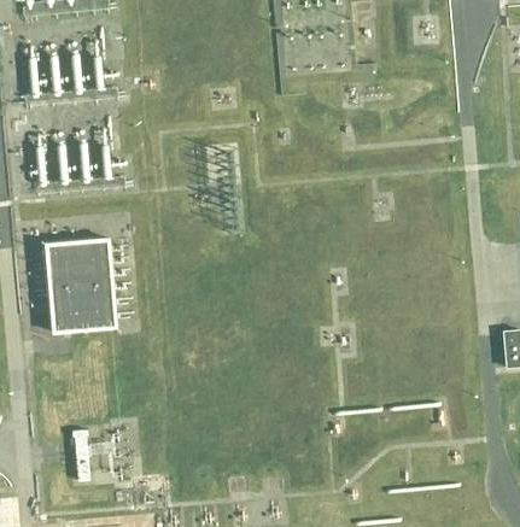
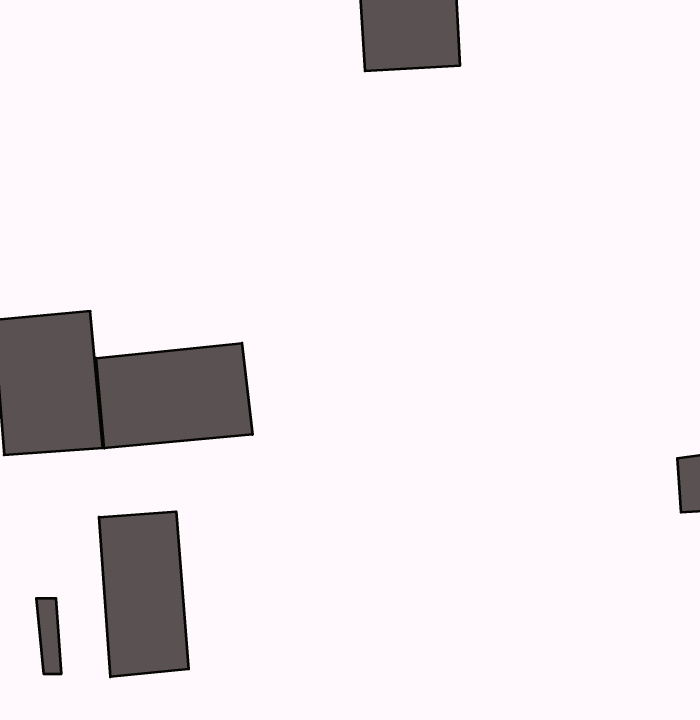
building: none -> [96,343,252,448]
building: none -> [99,512,189,677]

